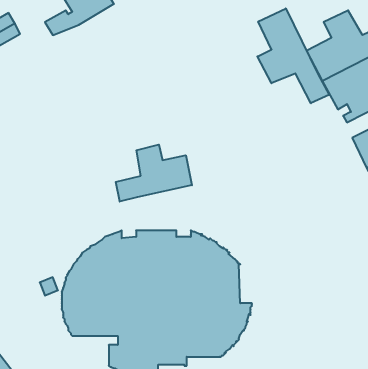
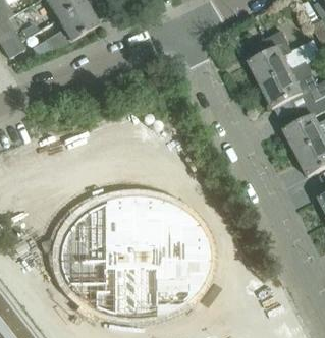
building: [257,8,329,103] -> none
building: [116,145,192,202] -> none

